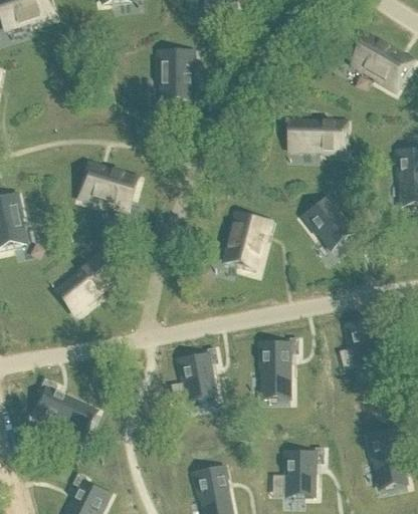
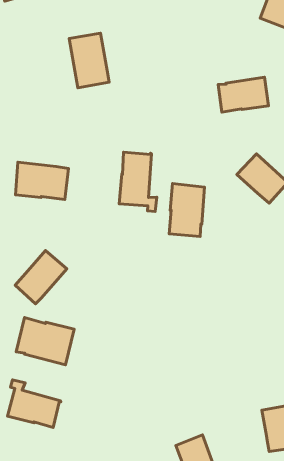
building: none -> [119,152,157,212]
building: none -> [16,317,74,365]
building: [261,338,297,391] -> none
building: [180,347,217,402] -> none

